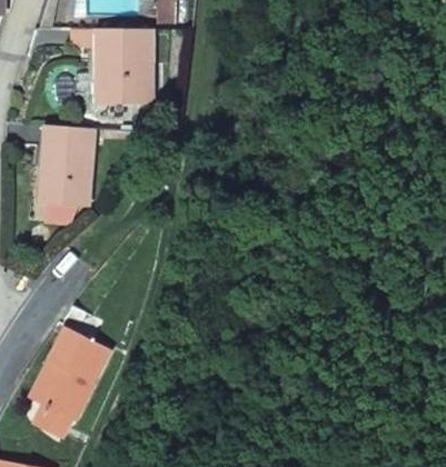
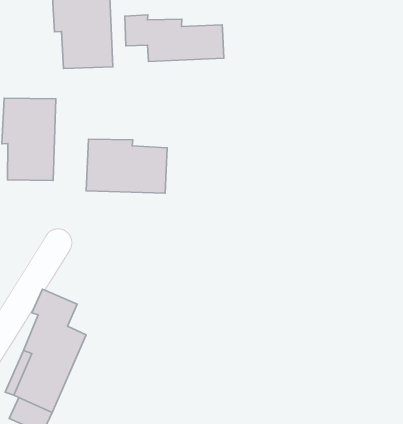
building: none -> [125,15,224,61]
building: none -> [86,139,167,193]

